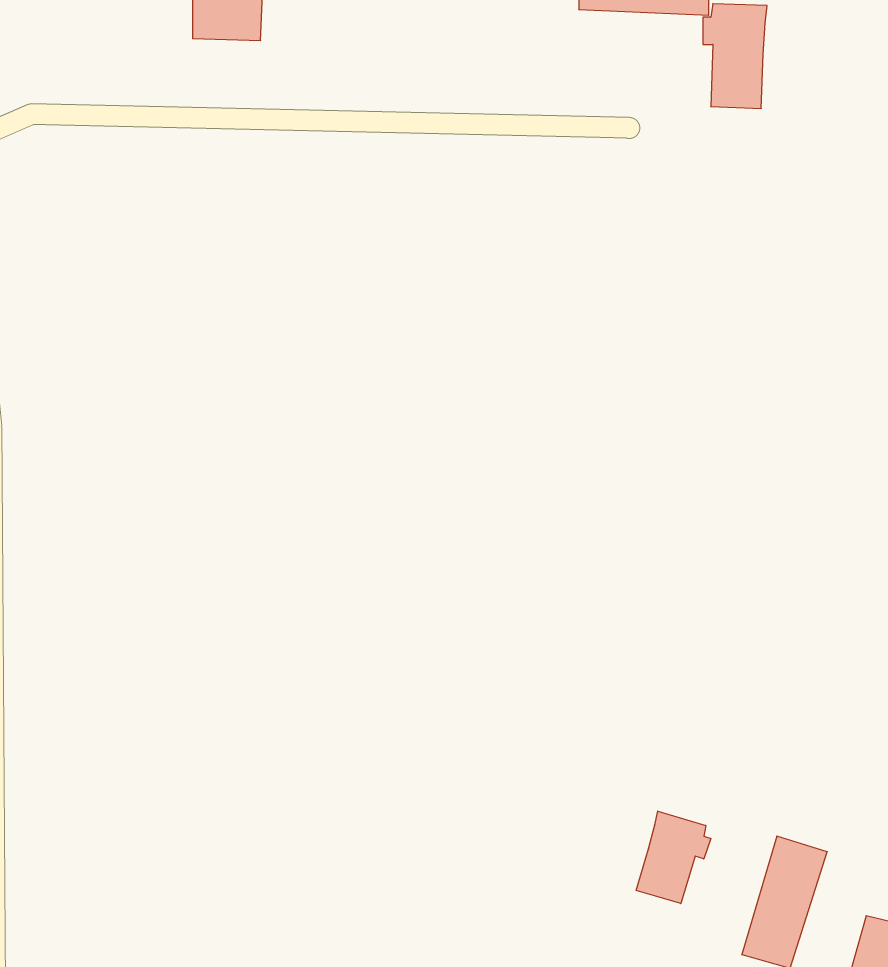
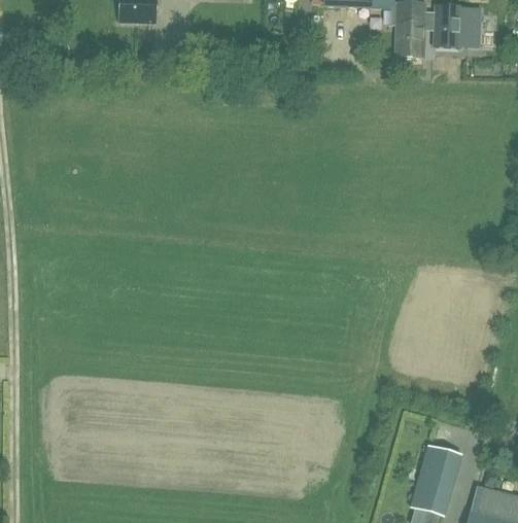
building: none -> [423,7,482,49]
building: [636,811,711,904] -> none

